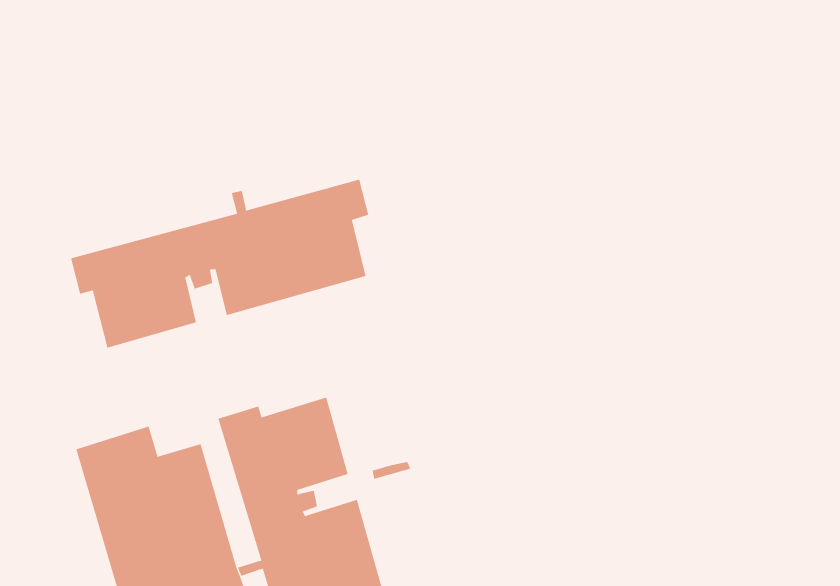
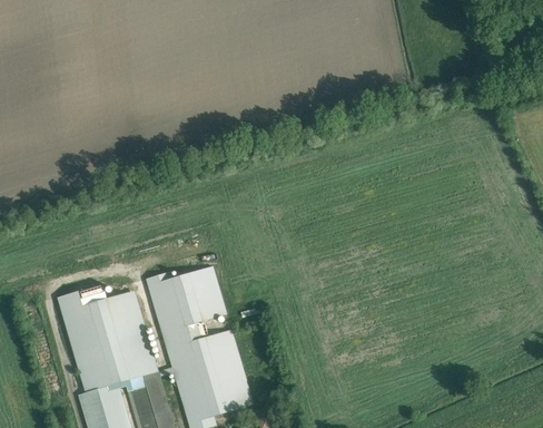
building: [70,179,369,349] -> none

